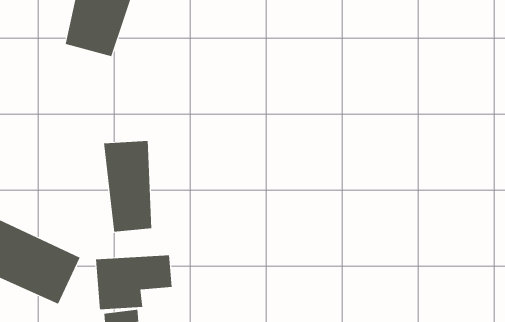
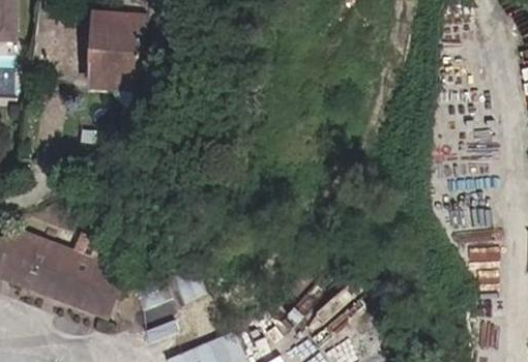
building: [103,140,152,232] -> none

